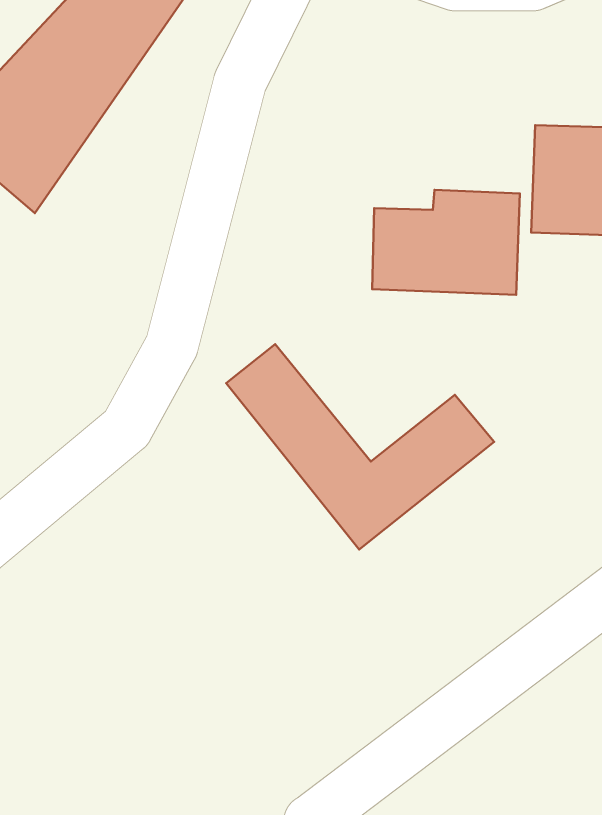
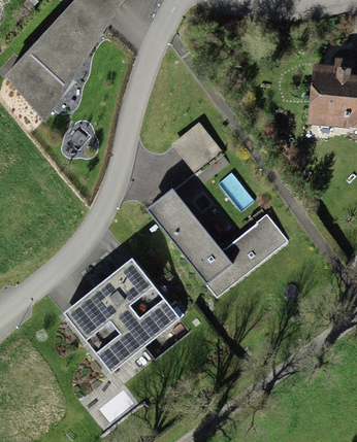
building: [372,190,520,295] -> none
building: none -> [64,258,177,370]

